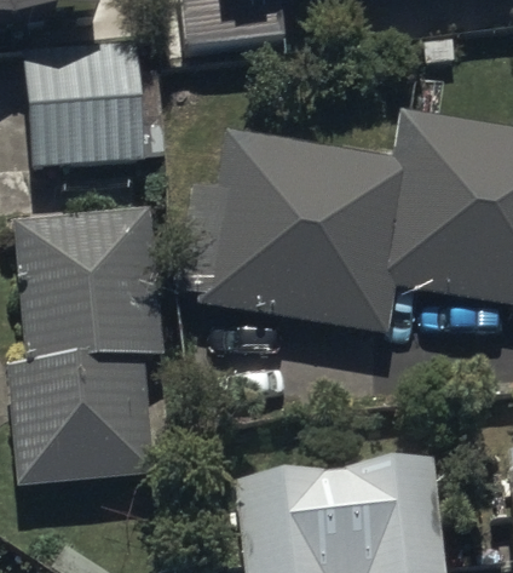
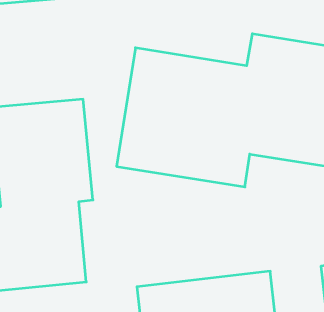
building: [33,65,154,190] -> none

